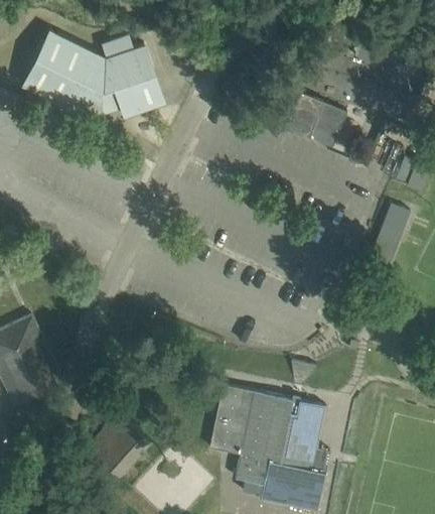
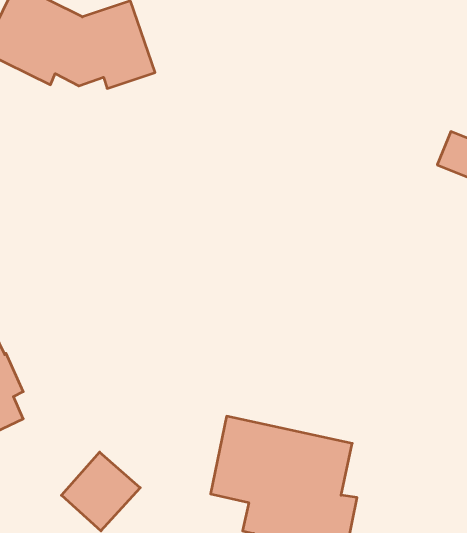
building: [285,93,345,146] -> none
building: [369,204,409,263] -> none

